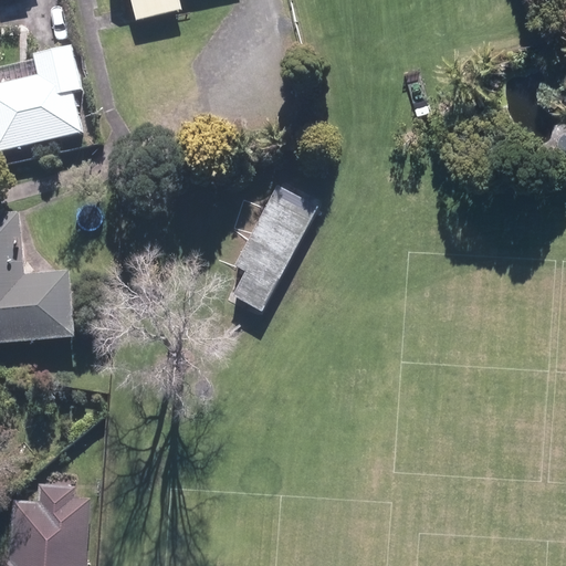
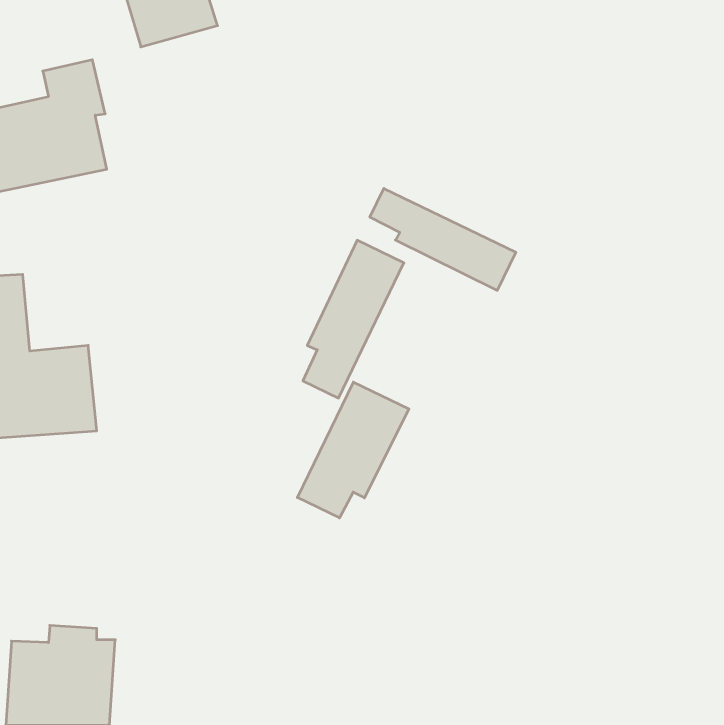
building: none -> [370,188,516,290]
building: none -> [297,382,409,518]

